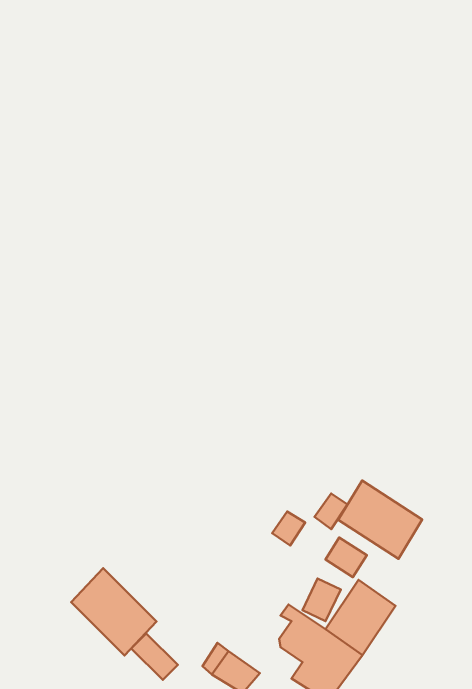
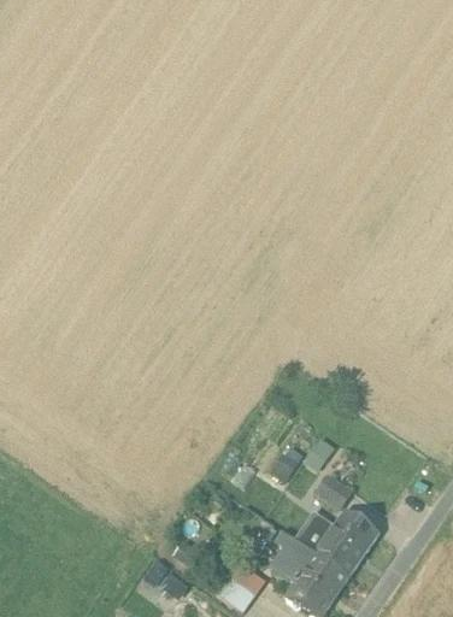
building: [338,481,422,559] -> none
building: [71,568,157,656] -> none

